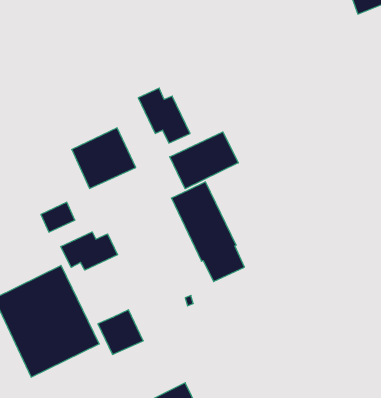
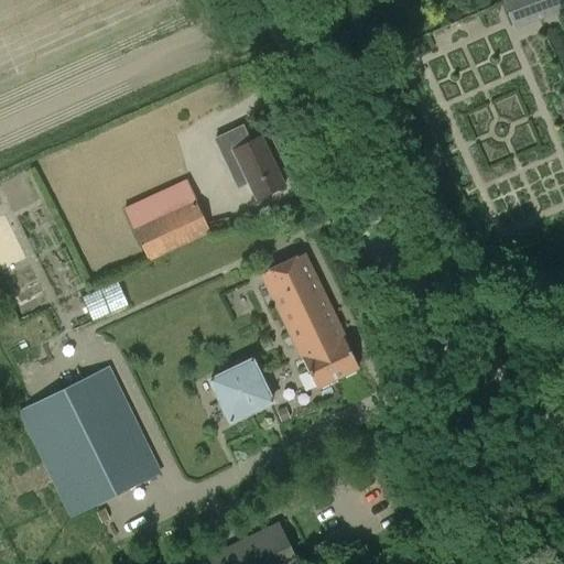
building: [170,132,238,189] -> none
building: [61,232,117,270] -> none
building: [98,310,143,354] -> [214,360,275,421]

